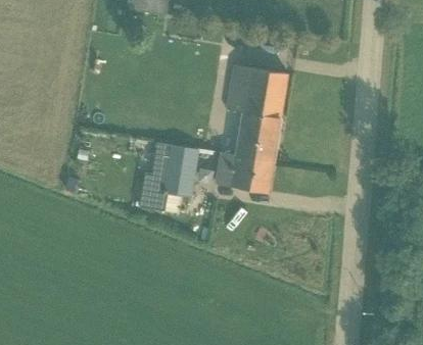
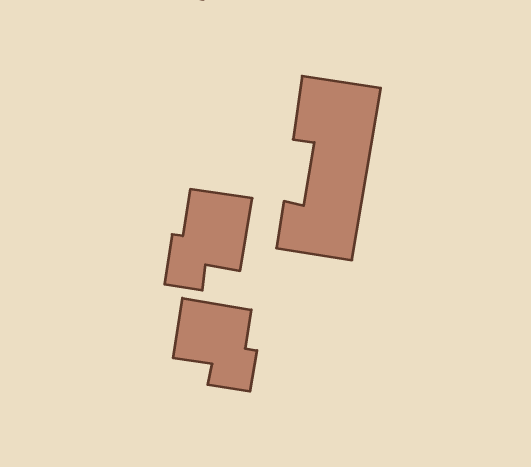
building: none -> [173,298,257,391]

